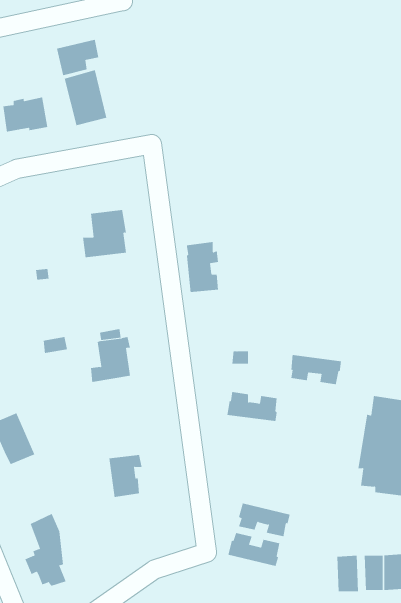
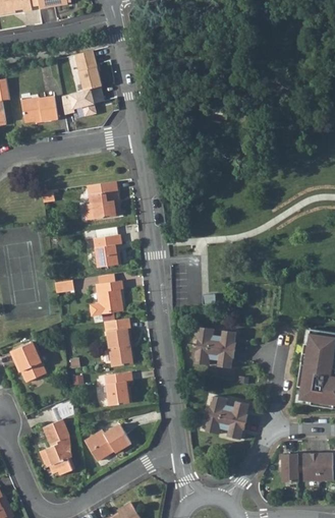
building: [186,241,219,292] -> [95,229,120,269]
building: [291,355,342,385] -> [196,343,235,366]
building: none -> [105,320,131,368]
building: none -> [83,426,130,464]
building: [228,533,280,567] -> [209,394,249,420]

